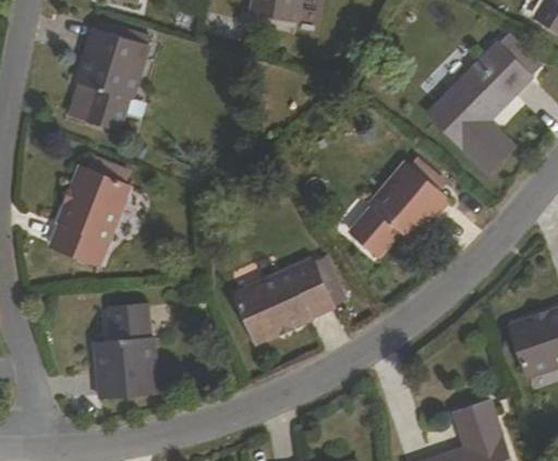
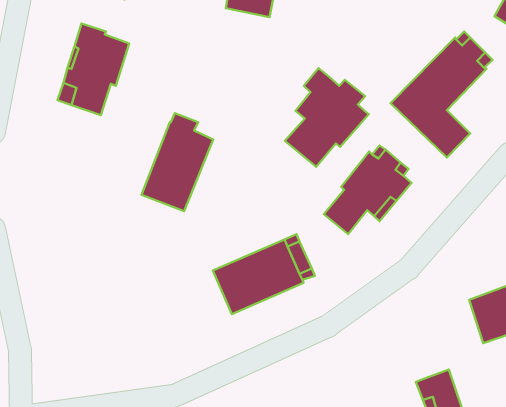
building: none -> [285,68,369,167]
building: [51,158,129,264] -> [142,113,213,211]
building: [95,305,155,398] -> none

